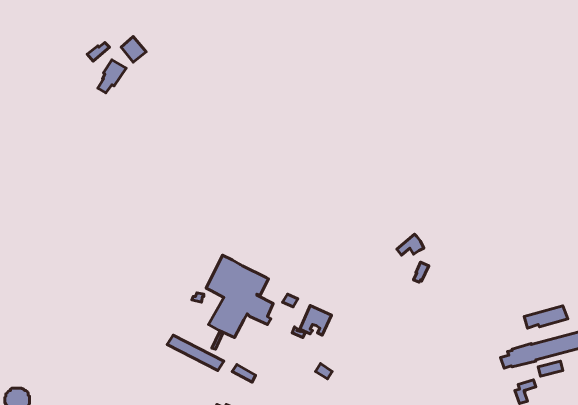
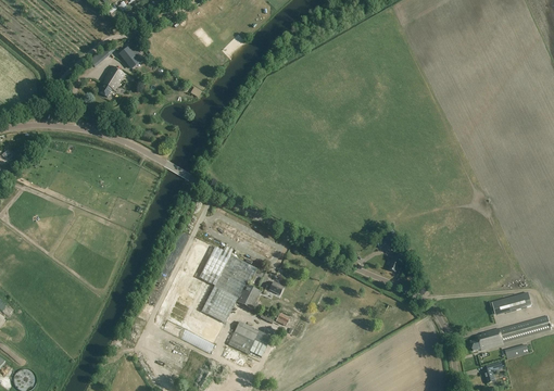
building: [300,306,332,335] -> [228,321,257,349]

